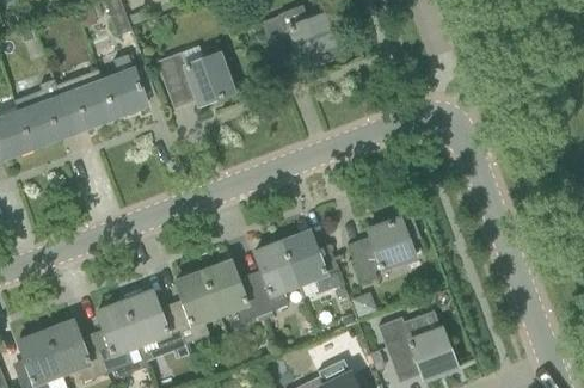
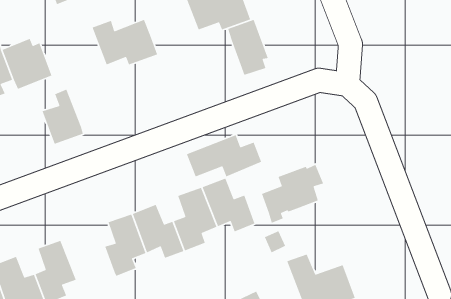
building: none -> [227,19,269,76]
building: [99,53,147,116] -> [42,89,84,145]
building: none -> [186,134,262,178]
building: [123,290,183,346] -> none

